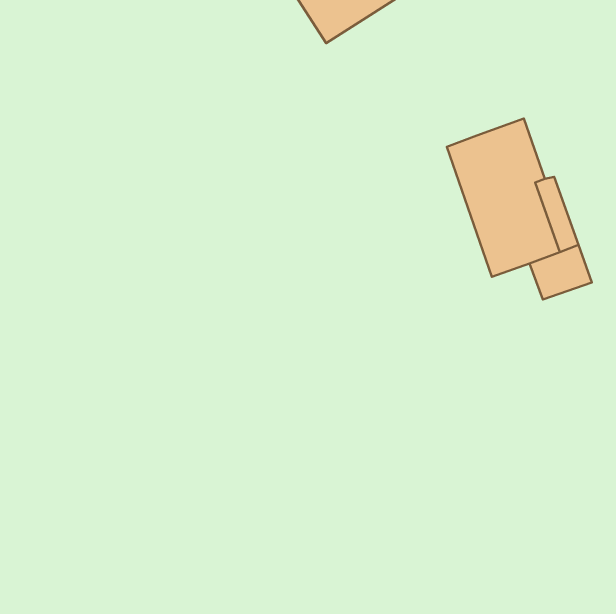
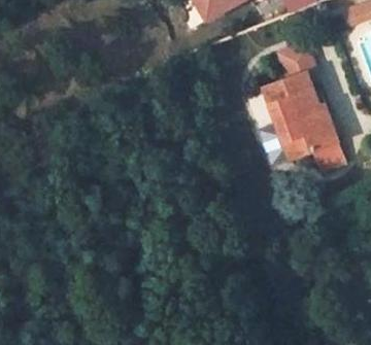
building: none -> [271,44,313,81]

